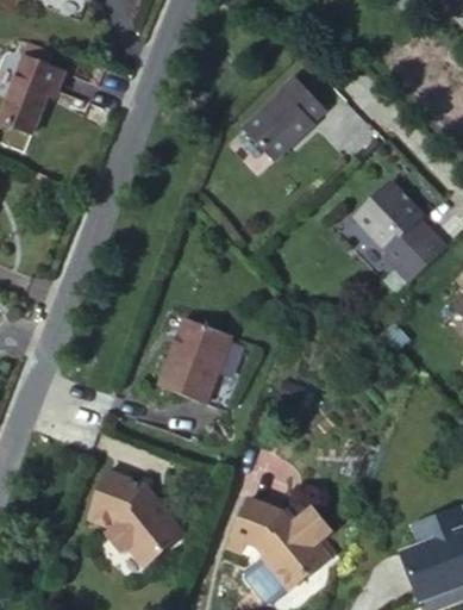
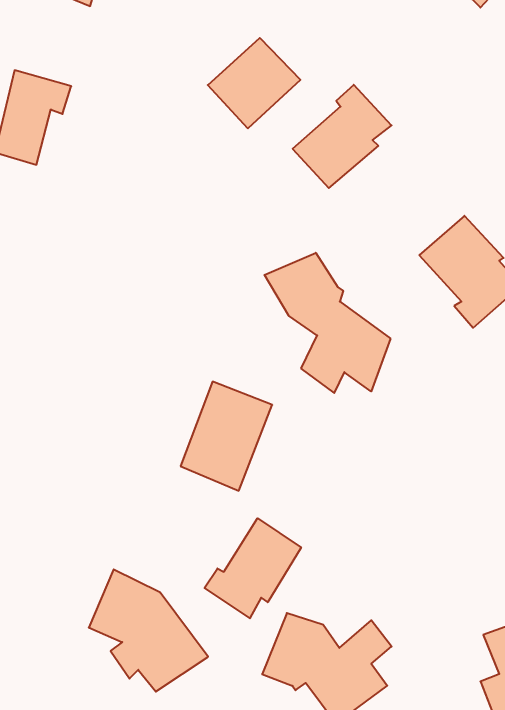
building: none -> [208,38,300,128]
building: none -> [264,253,390,393]
building: none -> [205,518,301,618]

